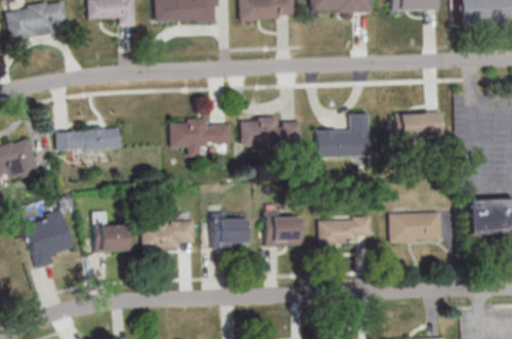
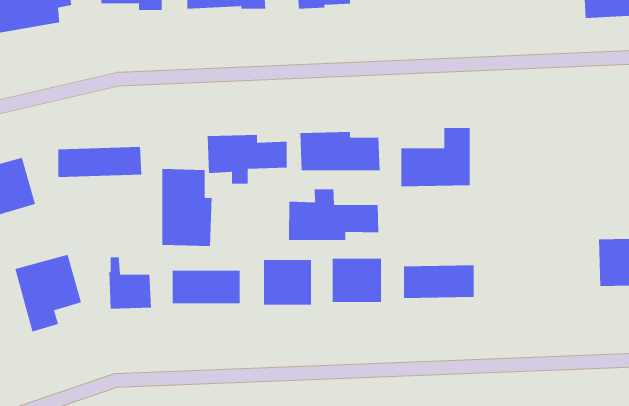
building: [396,111,442,137] -> none
building: none -> [162,168,212,247]
building: none -> [289,188,379,241]
building: [389,212,441,242] -> none

